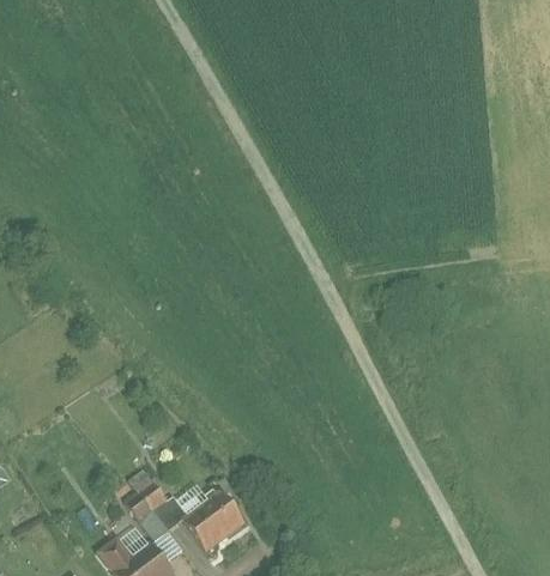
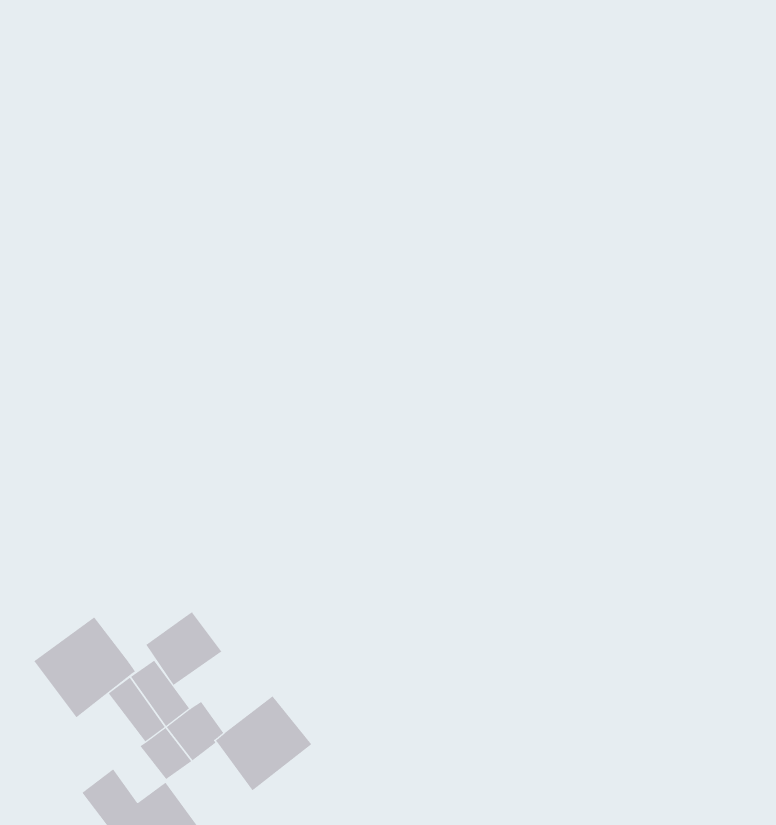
building: none -> [145,611,222,686]
building: none -> [34,617,136,718]

